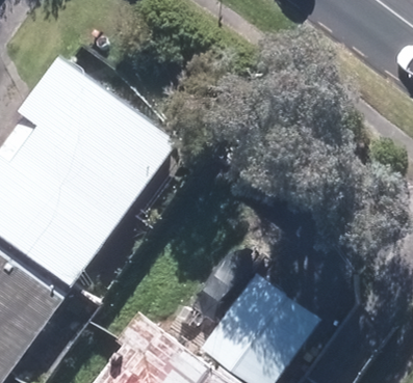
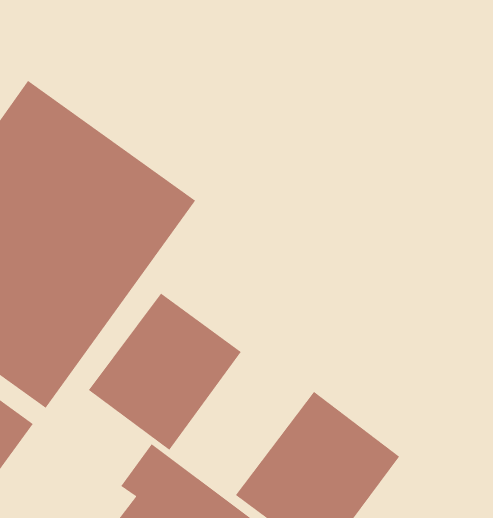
building: none -> [88,293,242,451]

